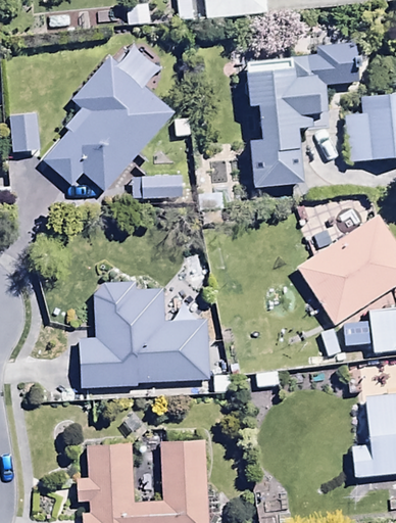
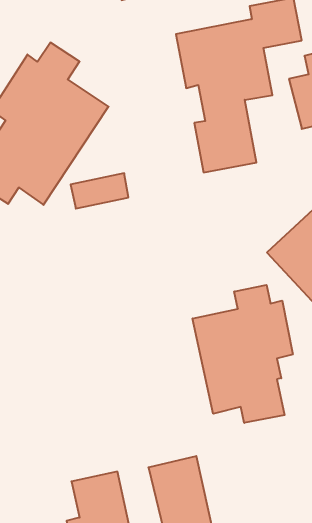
building: [79,282,209,388] -> none
building: none -> [193,285,293,423]

